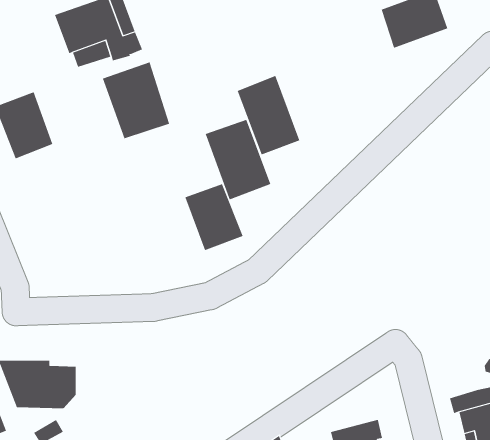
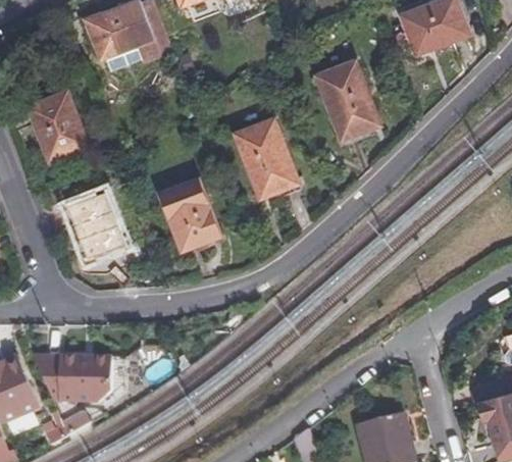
building: [102,62,170,139] -> none
building: [237,75,300,155] -> [317,60,378,138]
building: [185,184,243,251] -> [162,185,219,250]
building: none -> [67,193,124,259]

